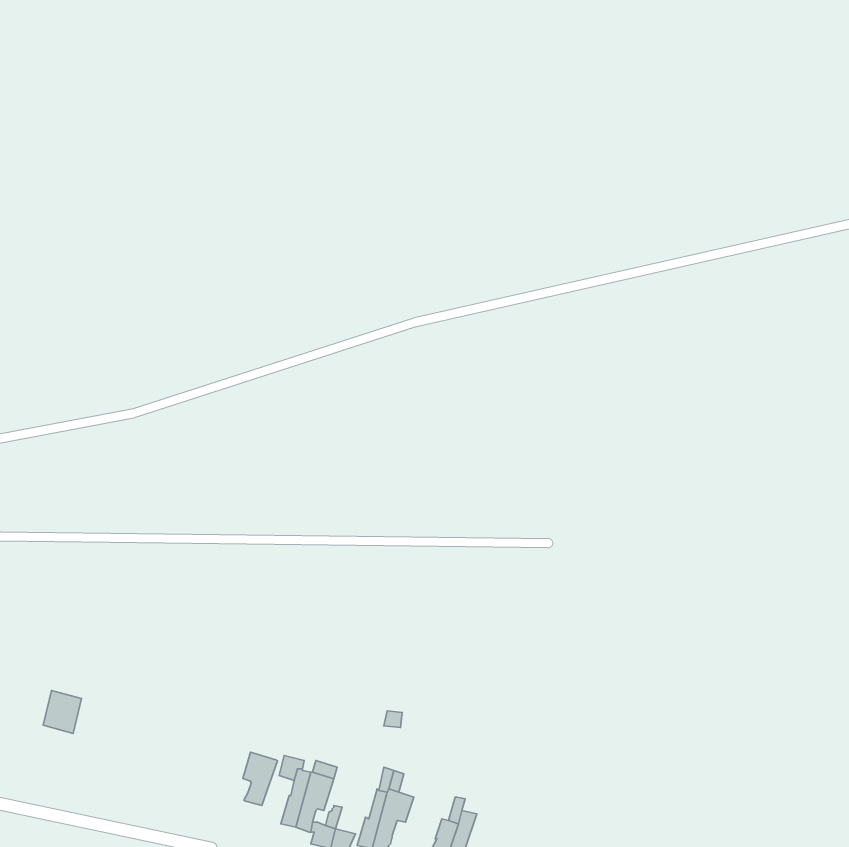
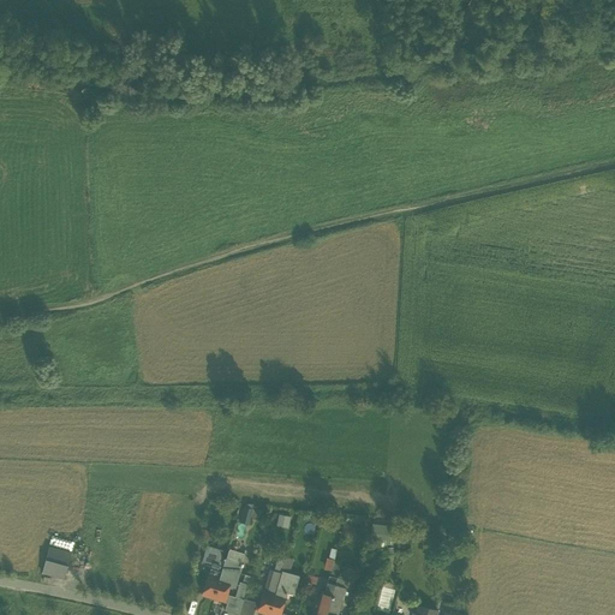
building: [43,690,82,734] -> [42,549,70,580]
building: [243,752,278,805] -> none

